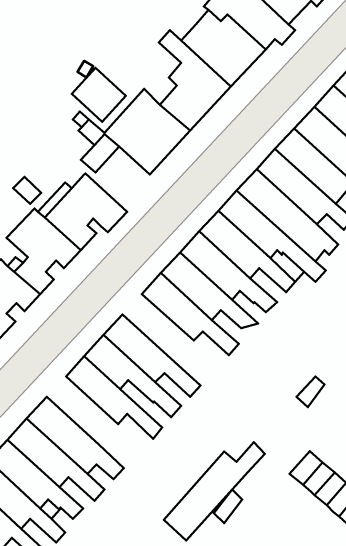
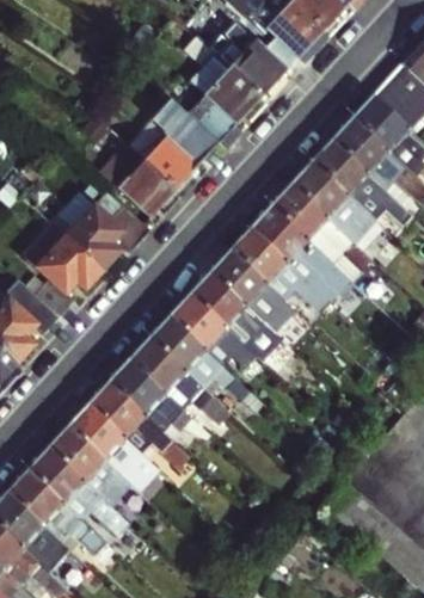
building: [72,68,126,122] -> [117,161,174,218]
building: none -> [146,318,248,402]
building: none -> [66,405,167,492]
building: [164,442,265,540] -> none

